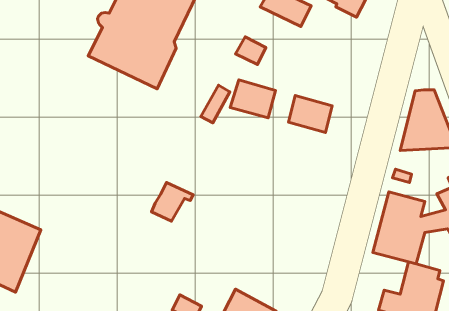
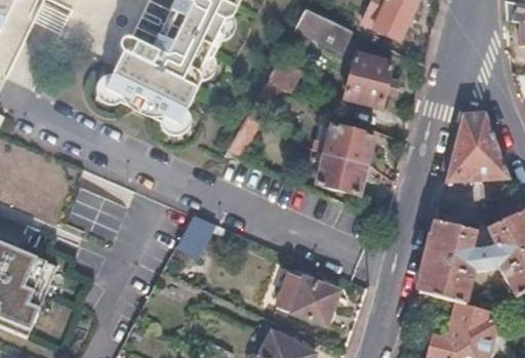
building: none -> [347,51,393,106]
building: [230,80,276,118] -> [317,151,366,192]
building: none -> [279,274,338,325]

